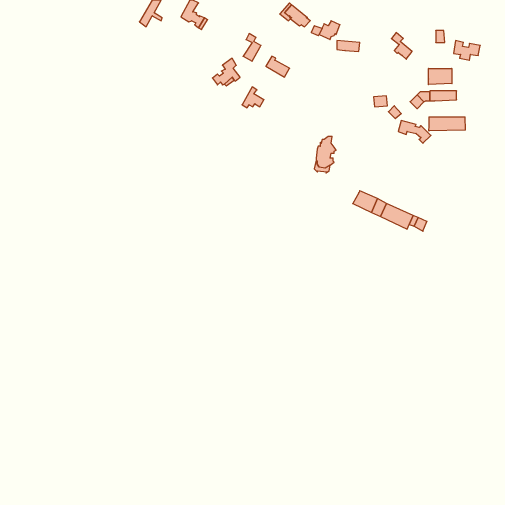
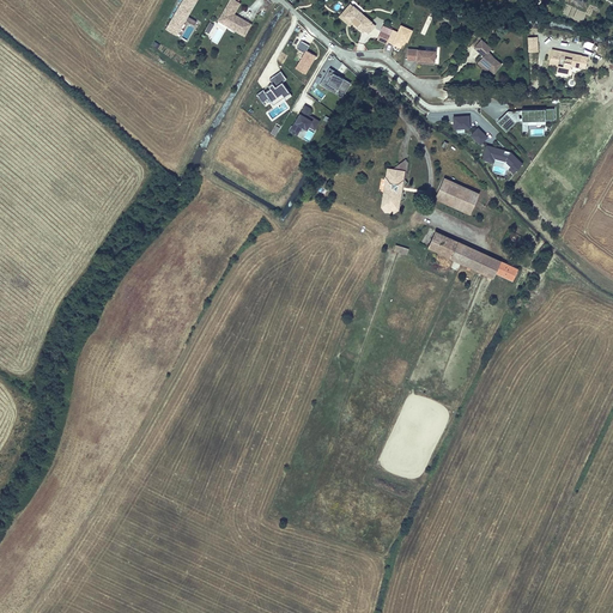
building: [428,68,452,85] -> none
building: [429,117,465,131] -> none
building: none -> [435,180,479,216]

